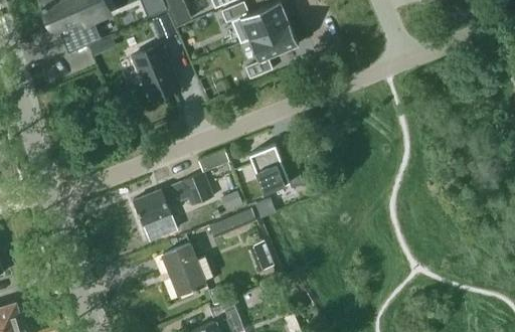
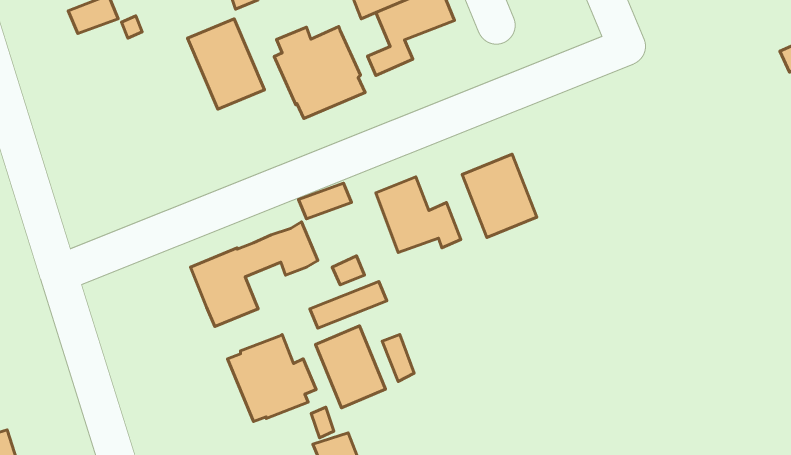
building: none -> [274,27,365,118]
building: none -> [462,154,537,237]
building: none -> [316,326,386,408]

